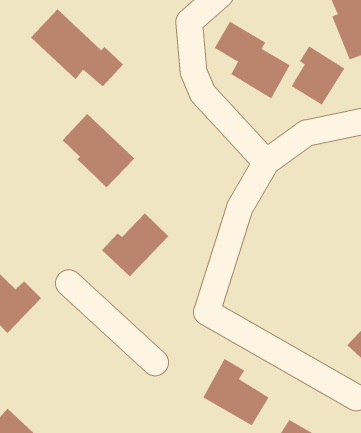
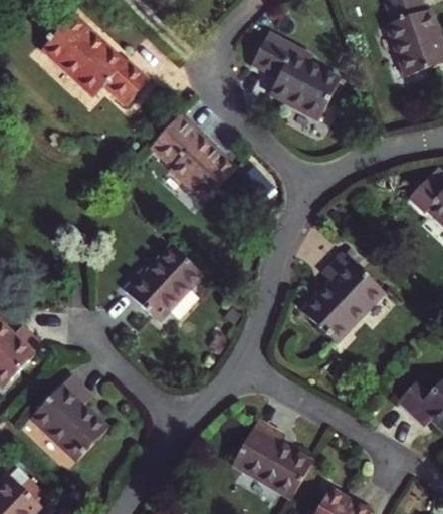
building: [291,46,345,106] -> none
building: [62,113,135,188] -> [144,113,228,200]
building: none -> [303,251,386,343]
building: none -> [40,375,115,459]

